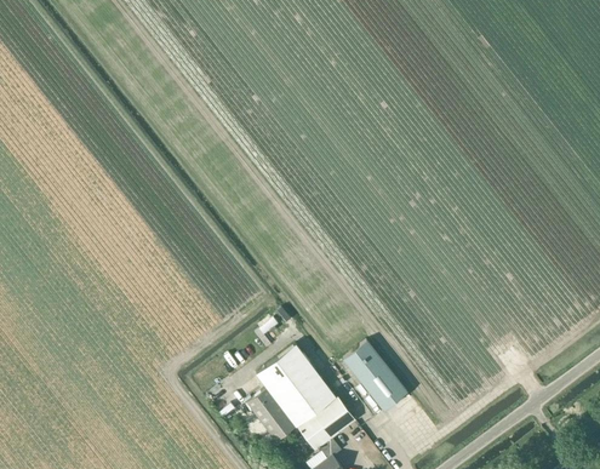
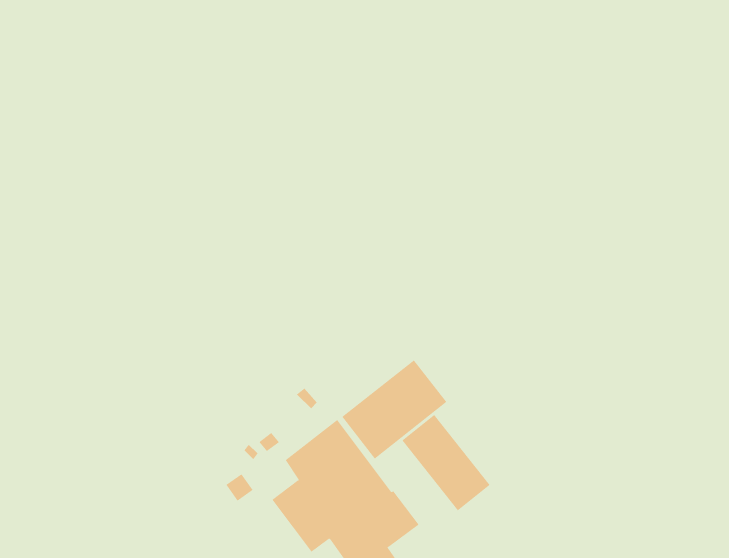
building: none -> [341,359,447,459]

